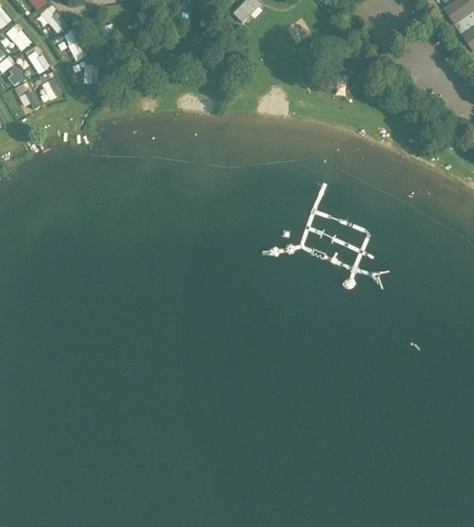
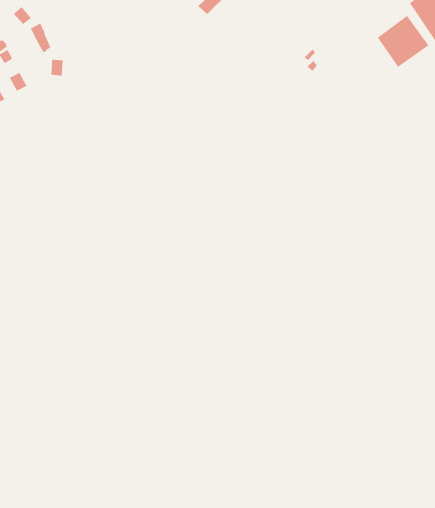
building: none -> [377,15,429,68]

